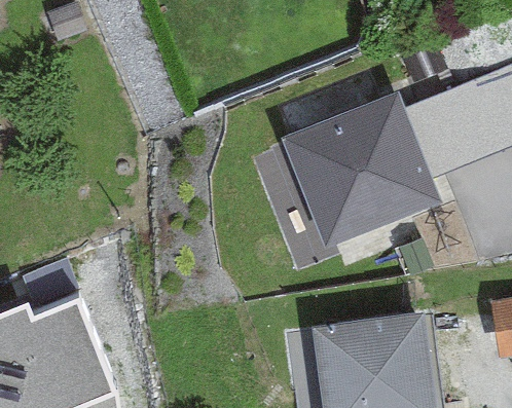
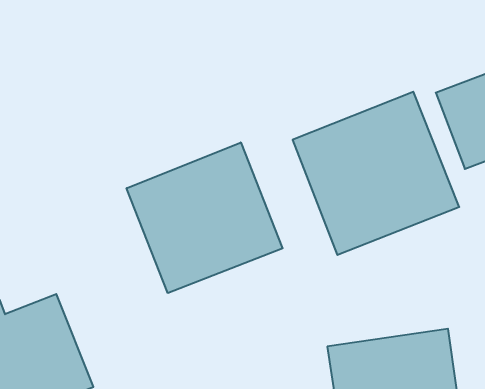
building: none -> [127,142,283,293]

